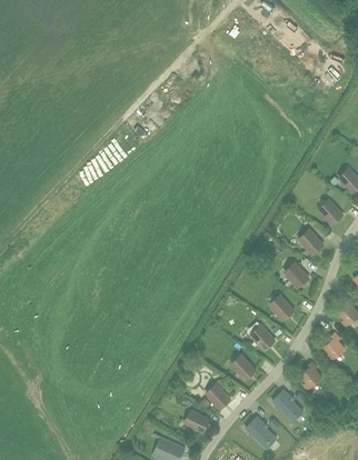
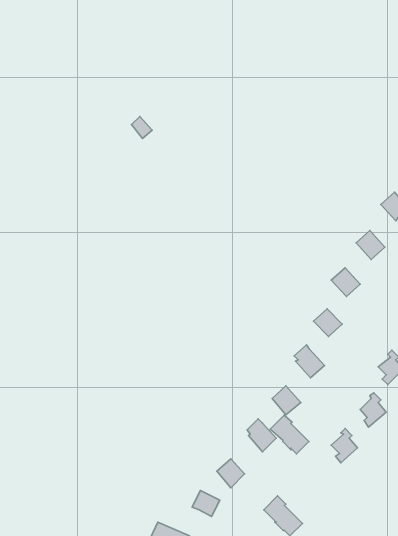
building: [272,389,304,420] -> [270,415,309,454]

